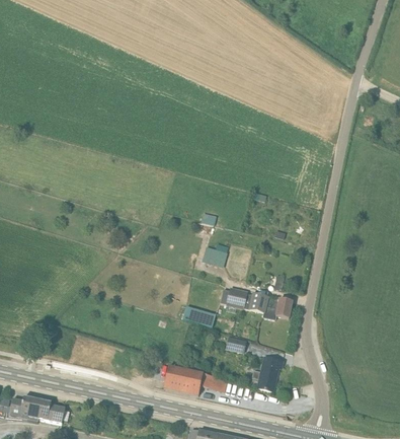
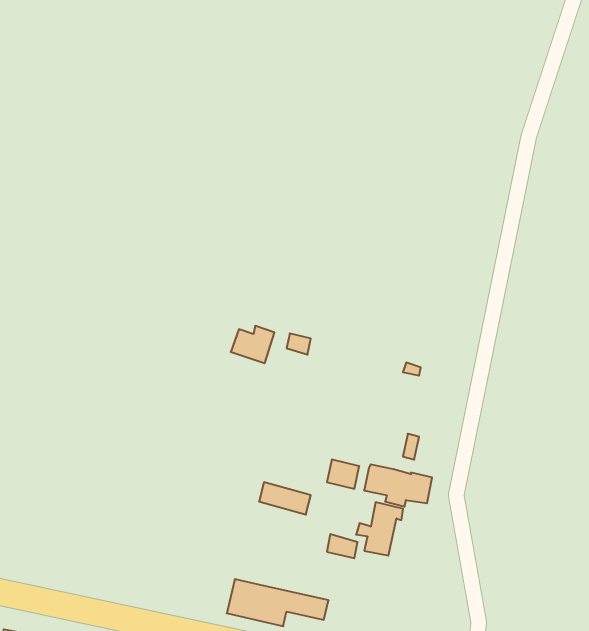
building: [202,242,229,266] -> [231,326,274,363]
building: [252,357,282,390] -> [356,502,403,556]

